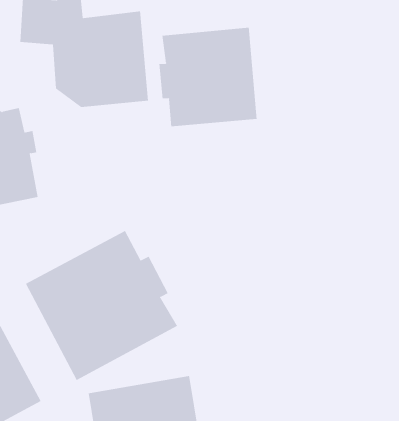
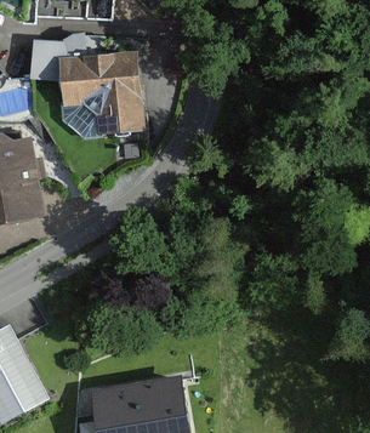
building: [159,27,257,127] -> none
building: [25,230,178,381] -> none

